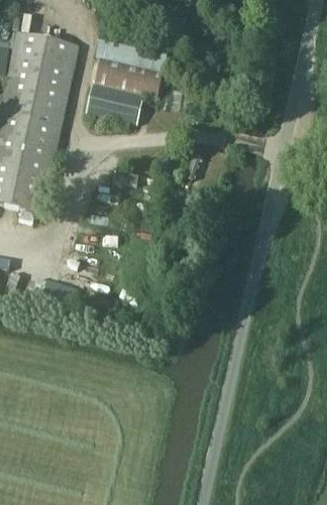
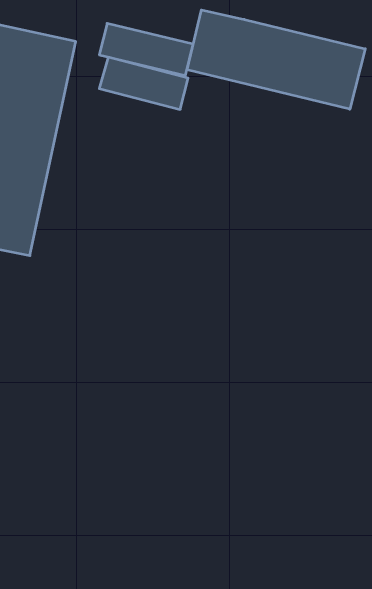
building: none -> [187,10,365,109]
building: [87,82,142,122] -> none

